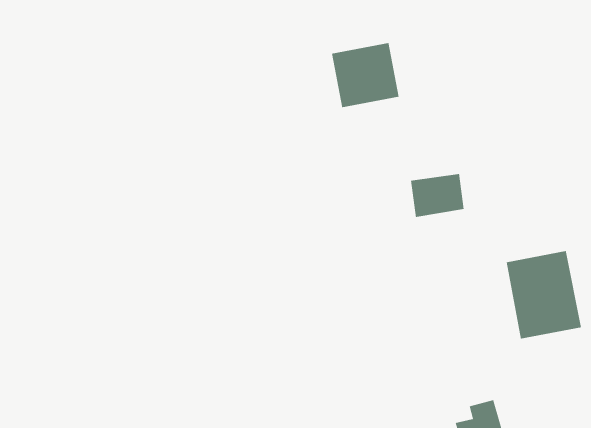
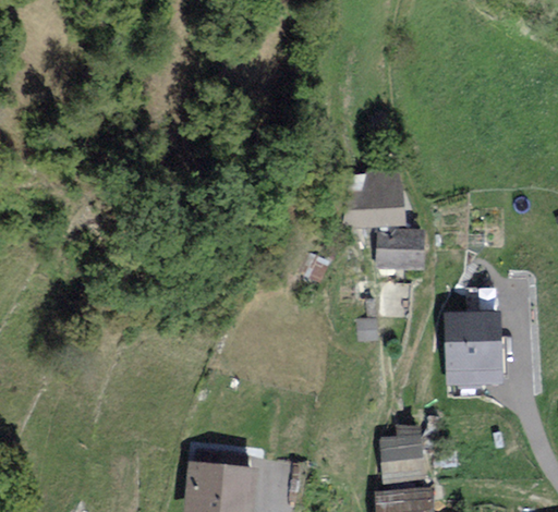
building: [331,43,400,108] -> [348,175,399,223]

